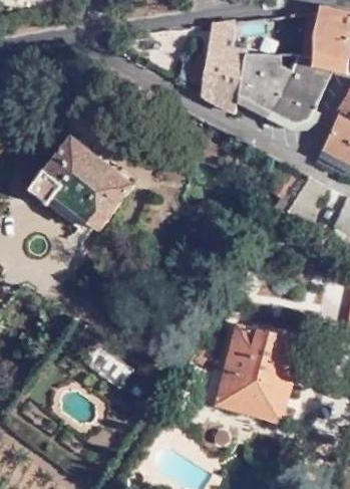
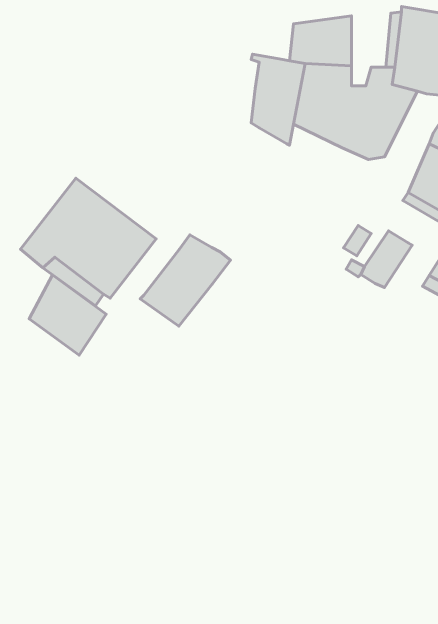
building: none -> [140,235,230,326]
building: none -> [29,275,106,355]
building: [217,323,299,418] -> none

